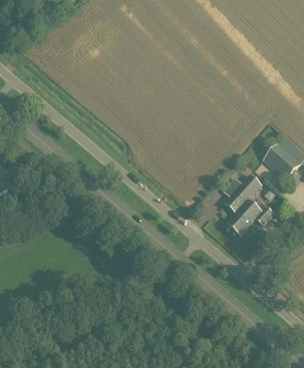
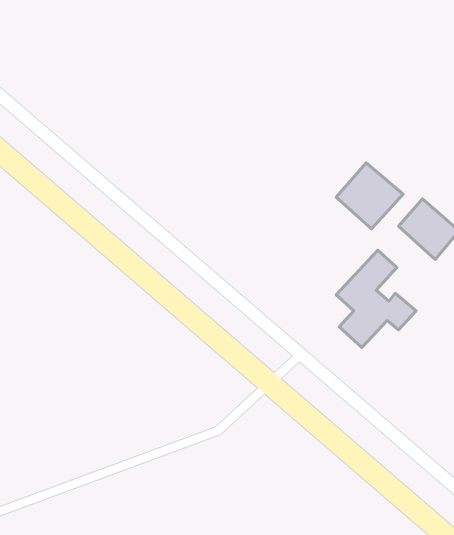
building: none -> [336,163,403,229]

